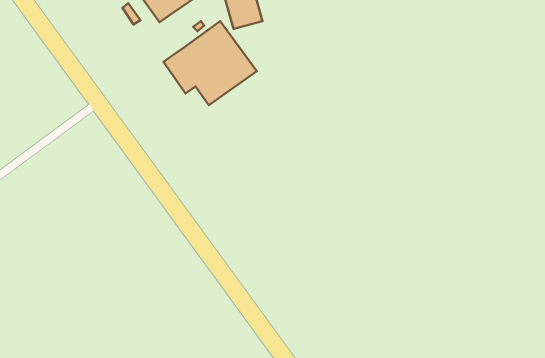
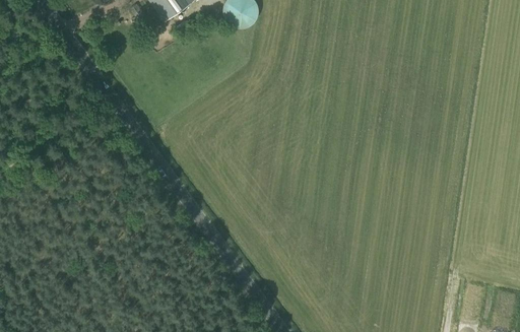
building: [163,21,257,105] -> none

